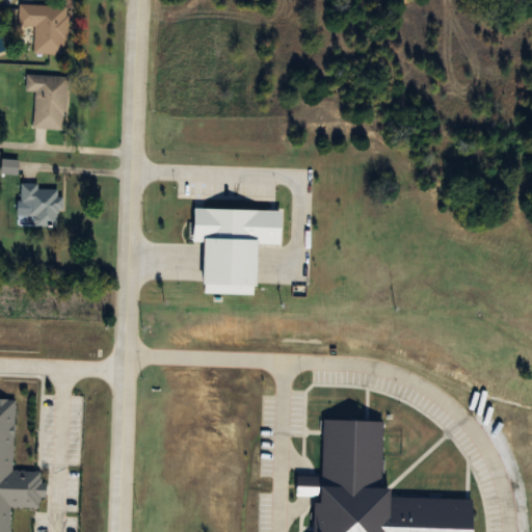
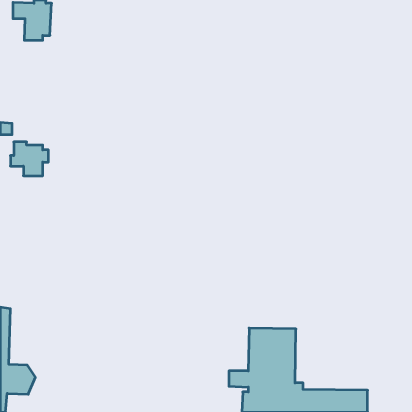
building: [22,72,68,130] -> none
building: [193,211,282,296] -> none

